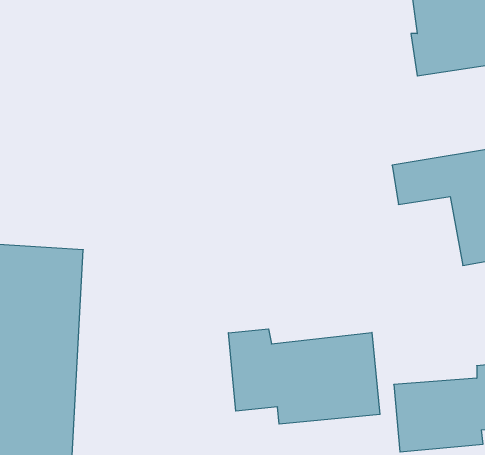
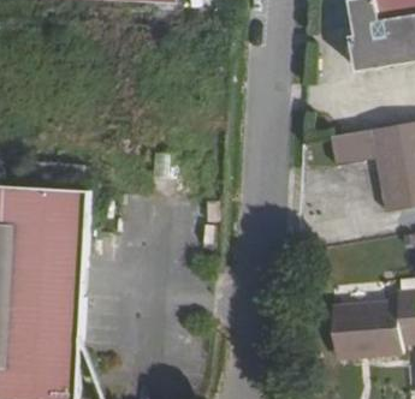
building: [228,329,380,424] -> none

